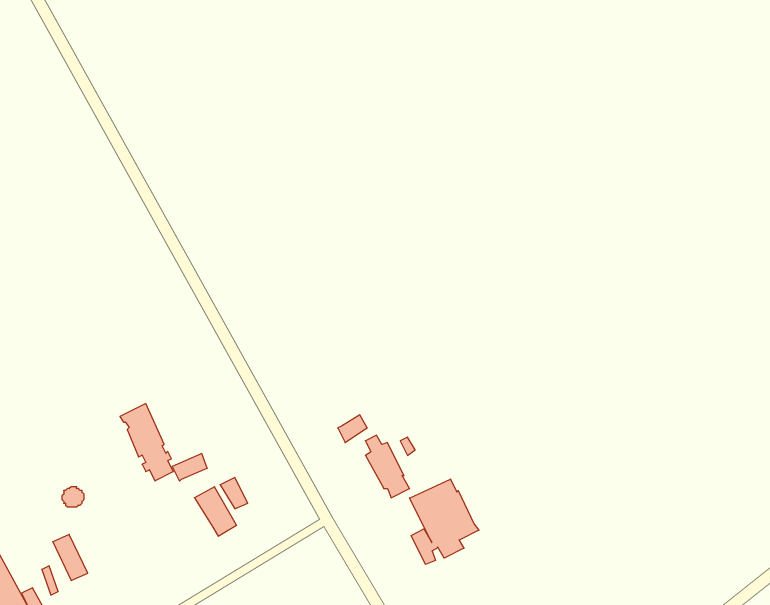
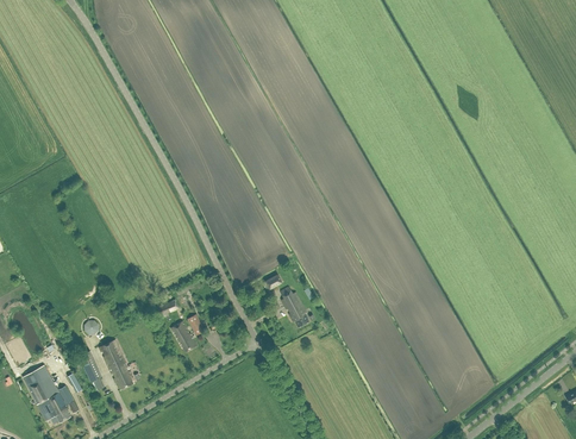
building: [120,404,173,481] -> [99,339,133,389]
building: [409,479,479,564] -> none

